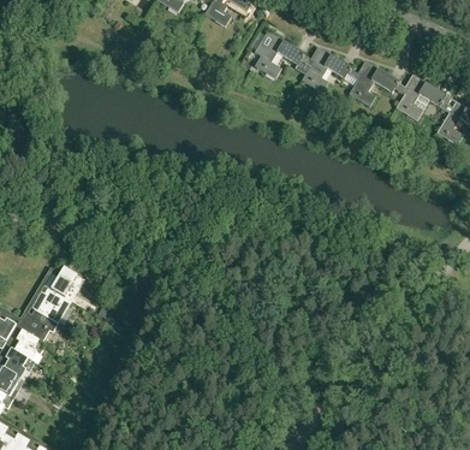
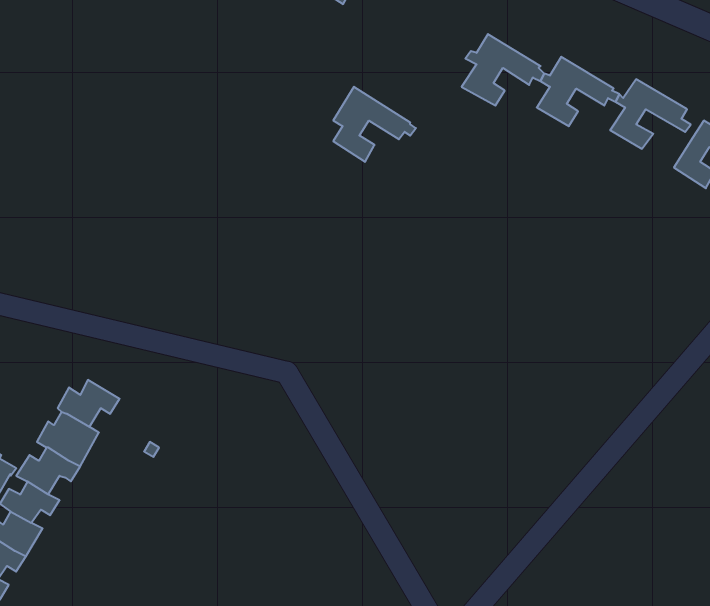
building: [254,29,307,77] -> [333,87,416,162]

